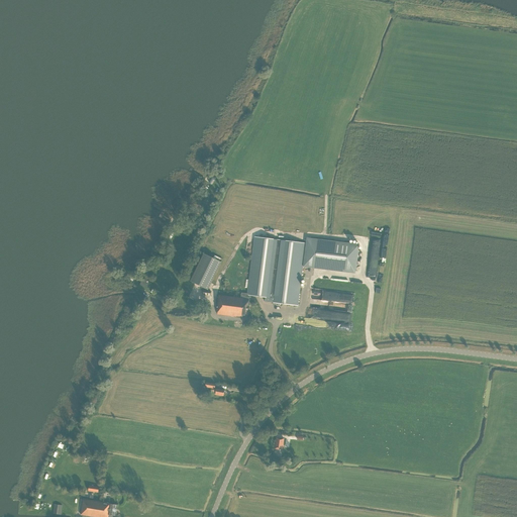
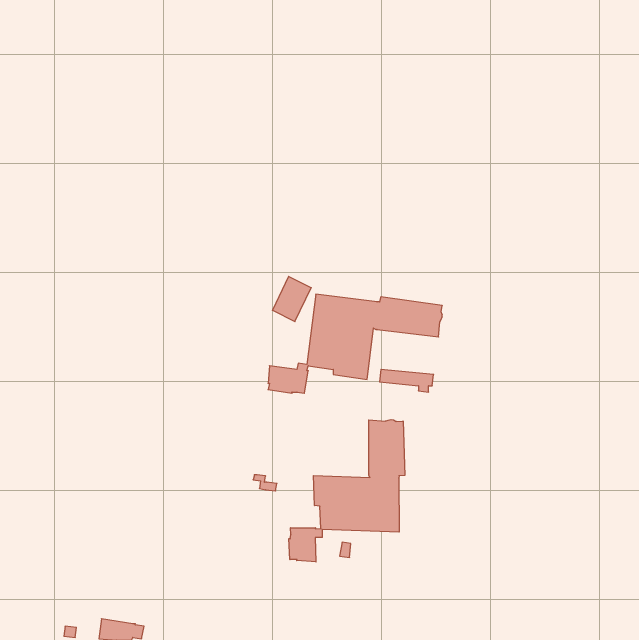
building: [189,253,220,290] -> [272,276,311,322]
building: none -> [289,420,405,562]

